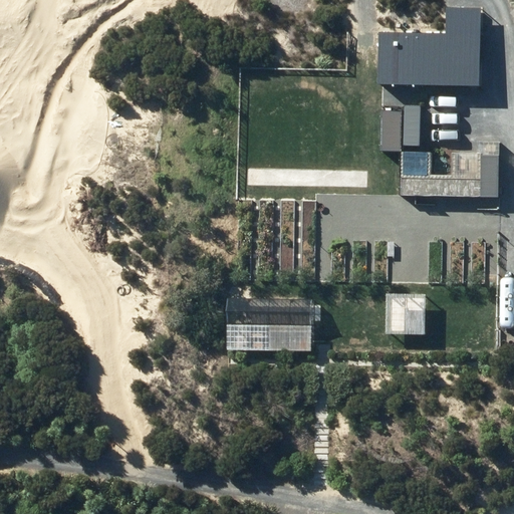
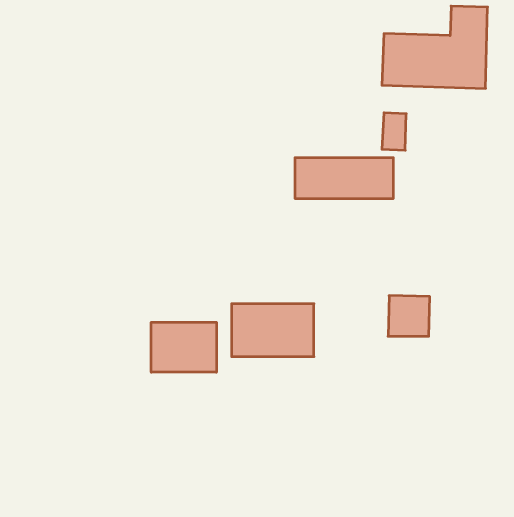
building: [400,155,497,195] -> [295,158,393,198]
building: none -> [151,322,216,372]

